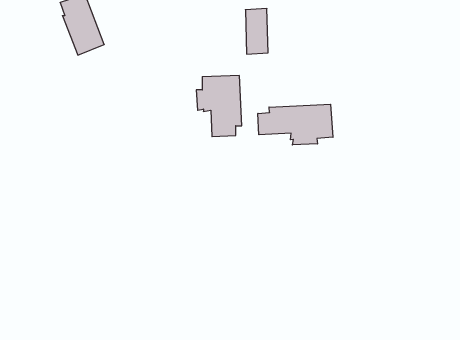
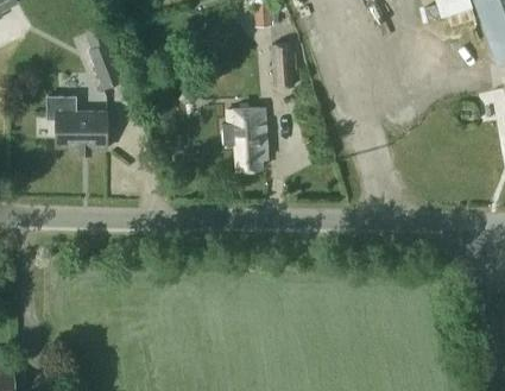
building: none -> [46,96,108,157]
building: [258,104,333,145] -> none

